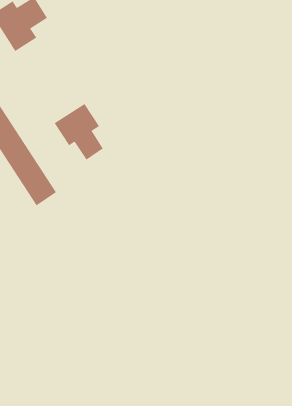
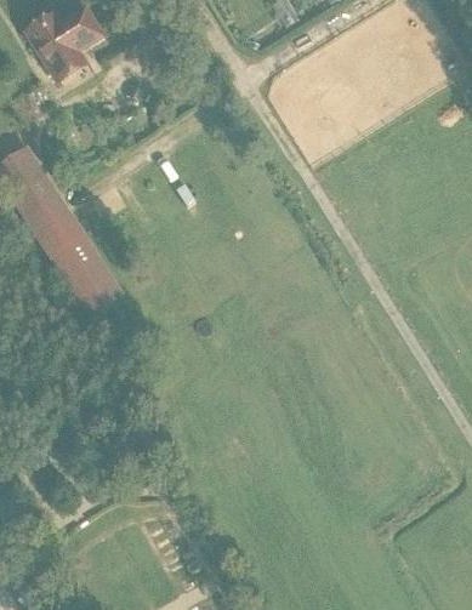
building: [54,103,104,160] -> none

